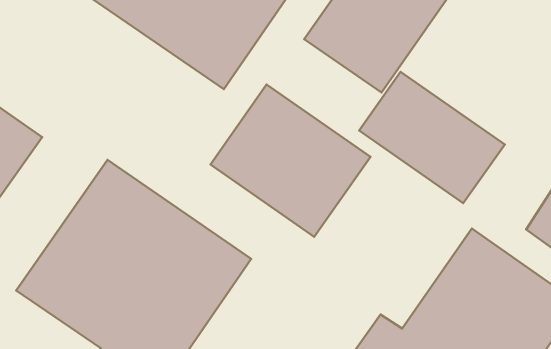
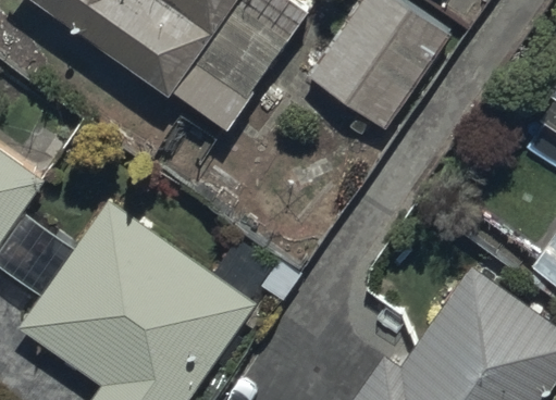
building: [359,72,505,203] -> none
building: [210,85,370,237] -> none

